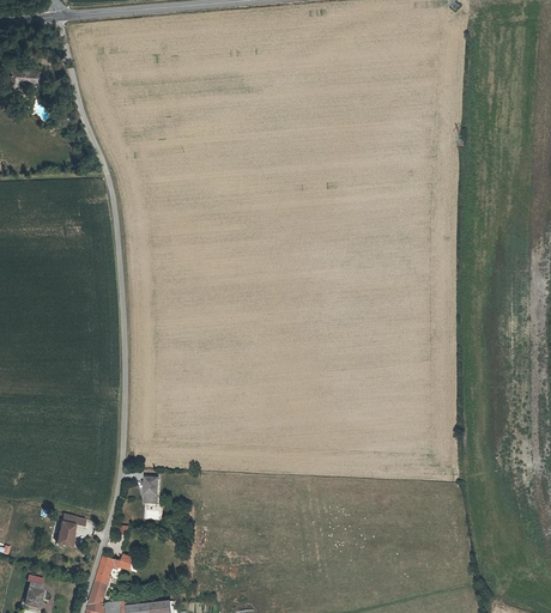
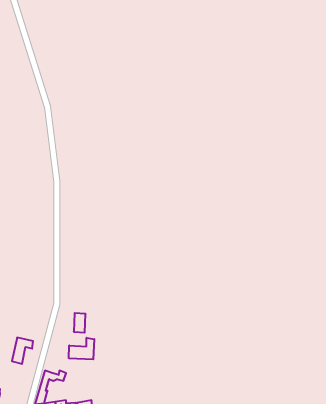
building: none -> [69,338,94,359]

